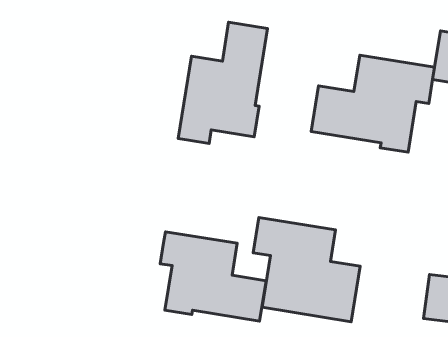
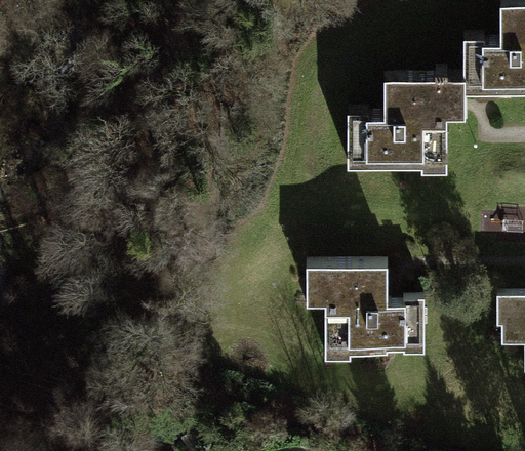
building: [178,22,268,144] -> none
building: [160,232,266,321] -> none

